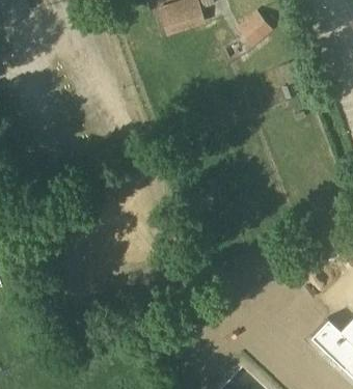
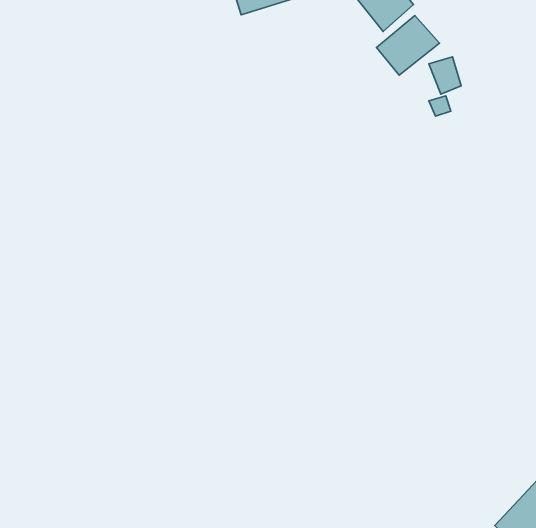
building: none -> [376,16,439,75]

